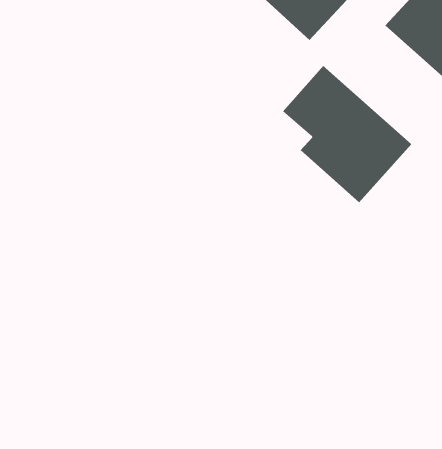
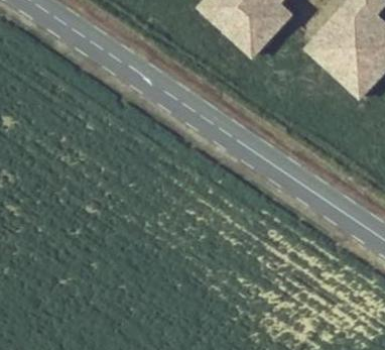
building: [282,65,412,203] -> none

